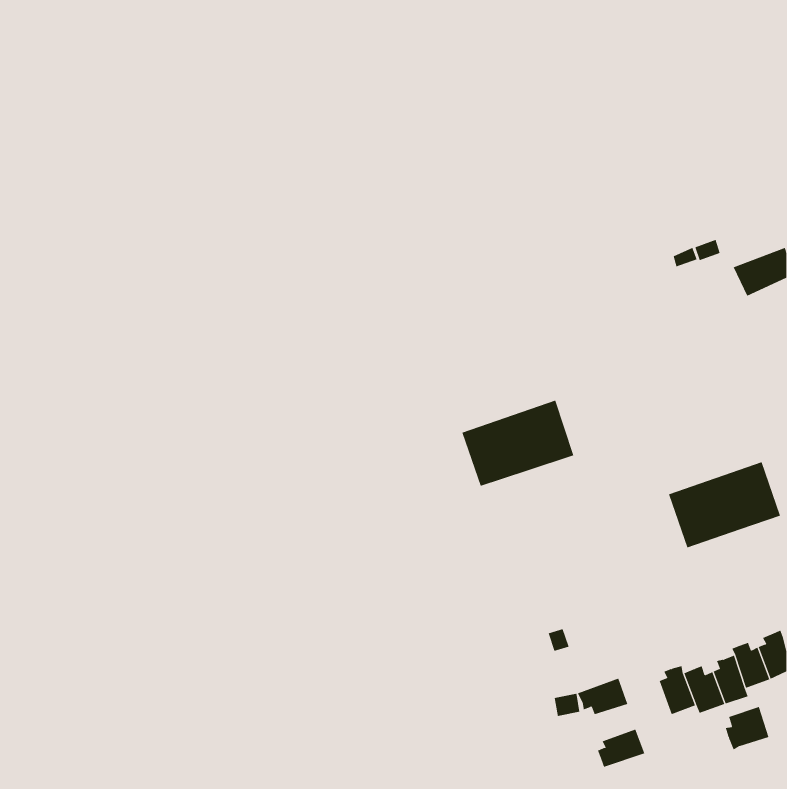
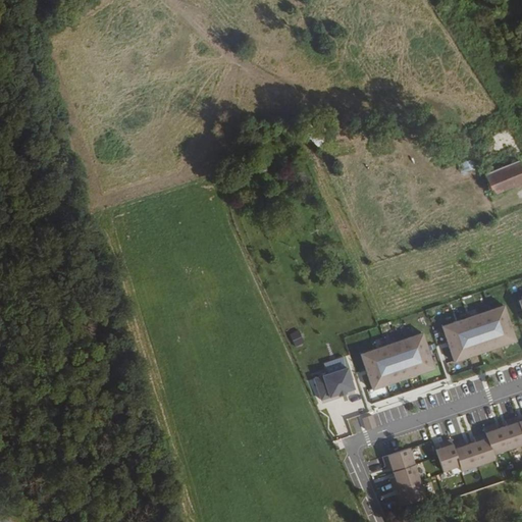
building: [462,400,574,486] -> [360,332,434,389]
building: none -> [313,368,353,400]
building: none -> [388,465,420,490]
building: [725,706,769,750] -> none

